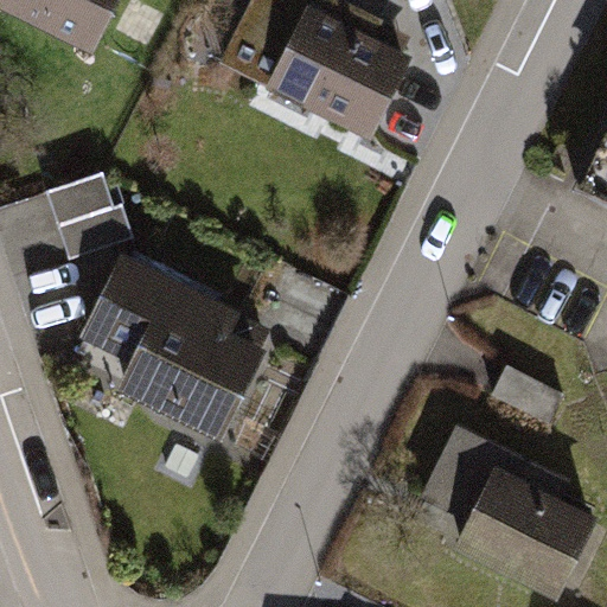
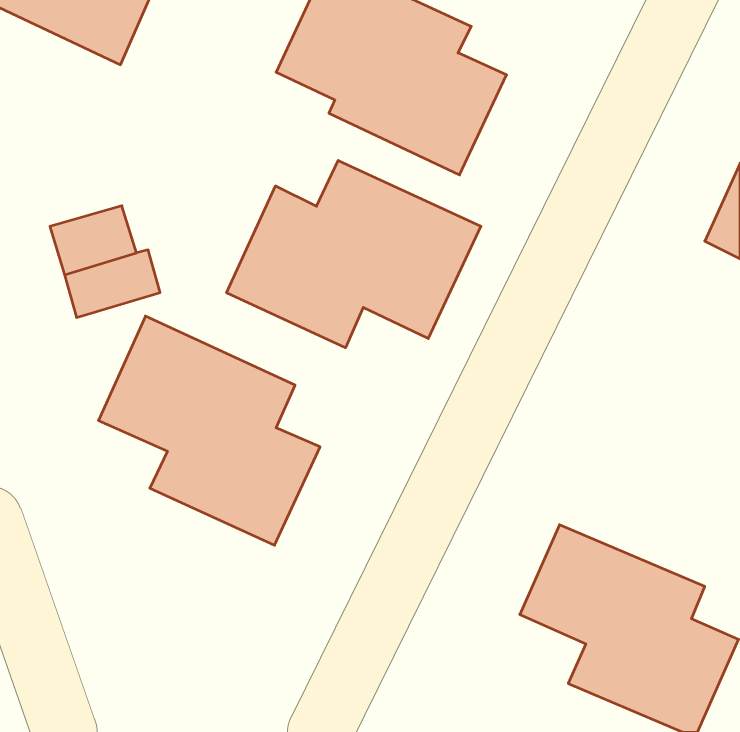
building: none -> [227,160,481,348]

